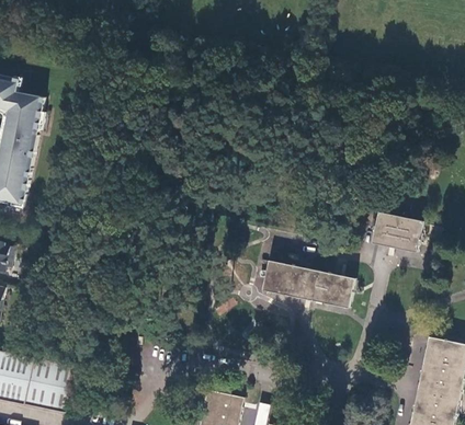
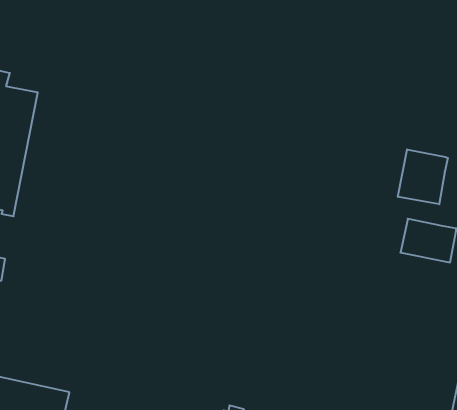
building: none -> [398,149,448,204]
building: [262,259,354,307] -> none

